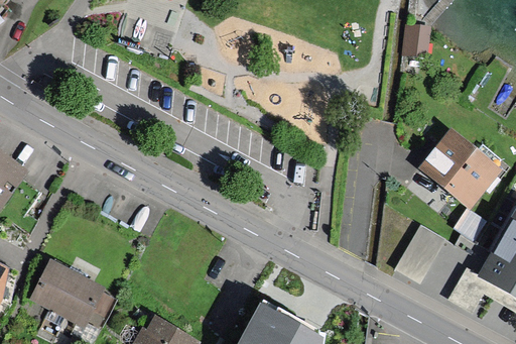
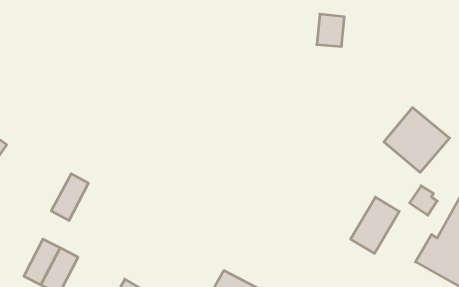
building: [401,23,430,58] -> [317,14,344,46]
building: [29,259,69,309] -> [51,174,88,220]

